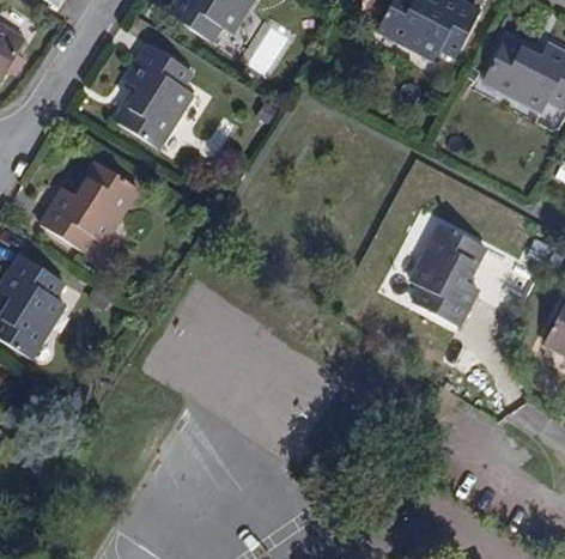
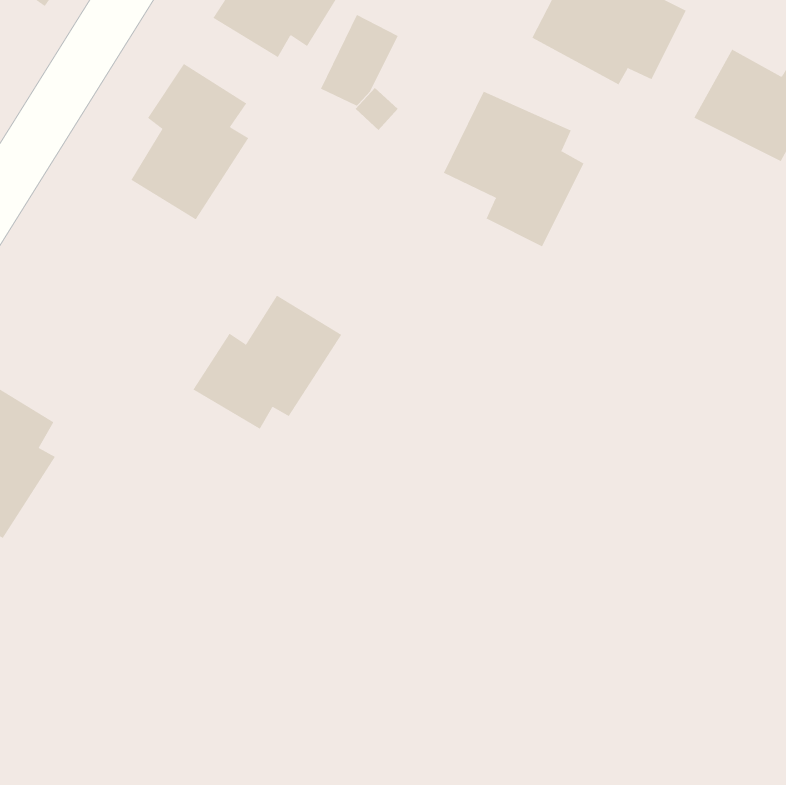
building: none -> [443,91,584,247]
building: [40,163,138,251] -> [193,295,342,430]
building: [409,223,486,324] -> none

